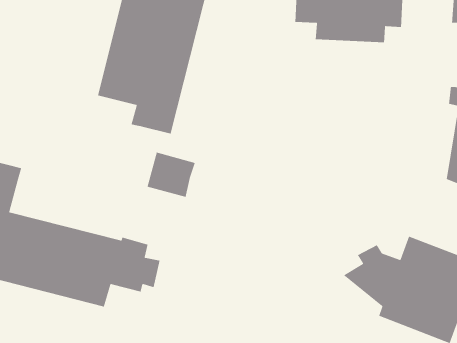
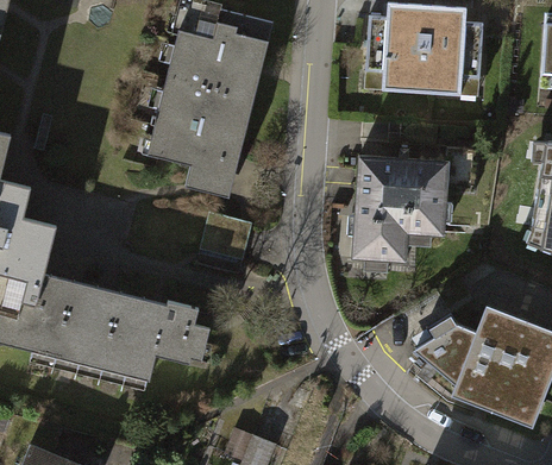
building: none -> [355,157,451,264]

